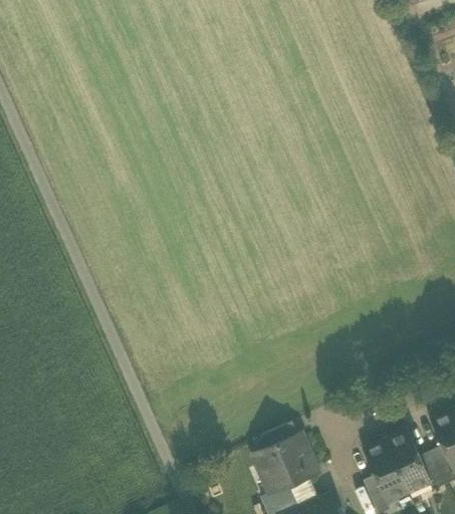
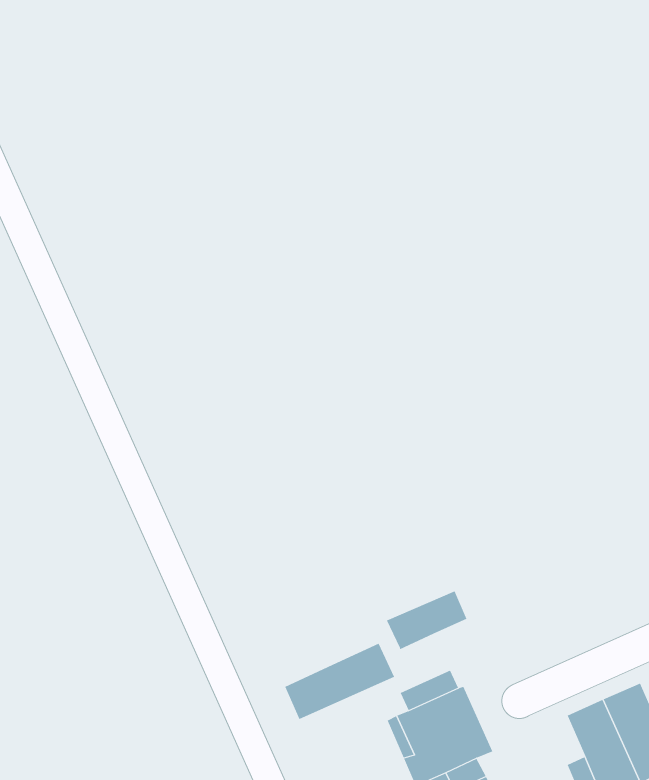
building: none -> [386,590,467,650]
building: none -> [285,643,395,720]

